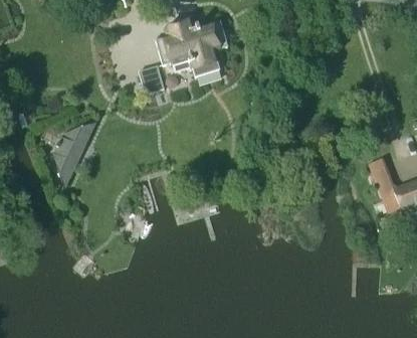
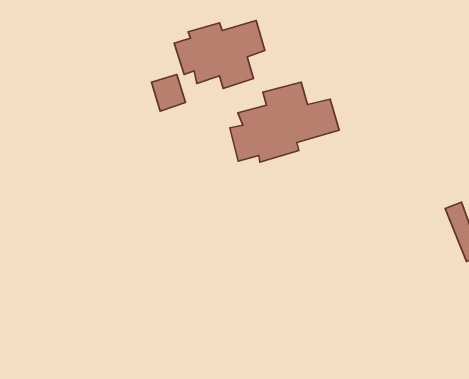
building: none -> [230,82,339,162]
building: [52,120,96,188] -> none

